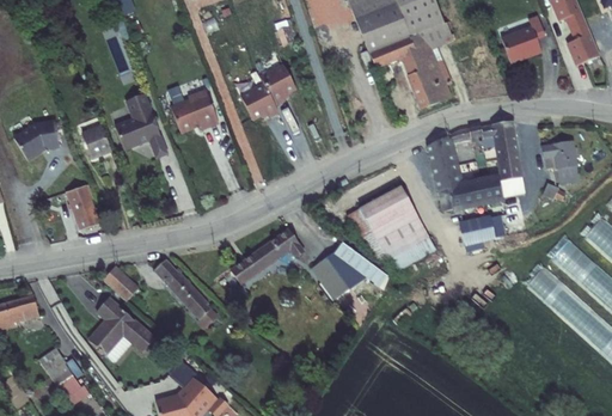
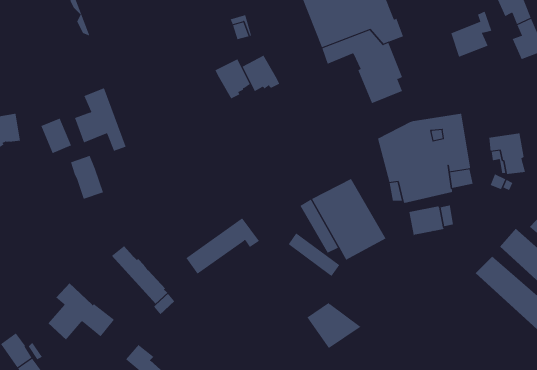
building: [240,82,280,121] -> [242,55,280,92]
building: [171,88,219,134] -> none
building: [66,184,100,230] -> [70,155,104,199]
building: [311,253,367,301] -> [307,303,361,349]
building: [103,262,140,299] -> none

